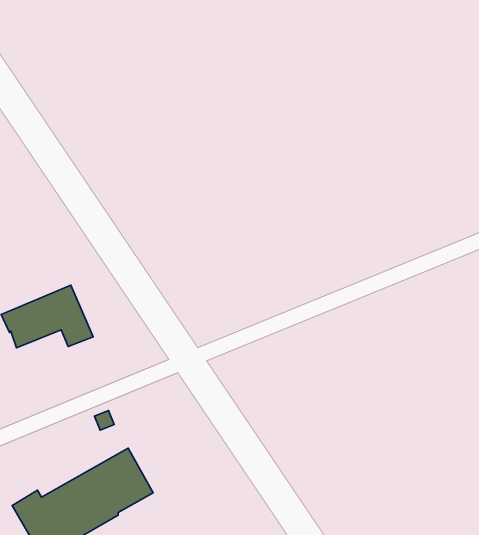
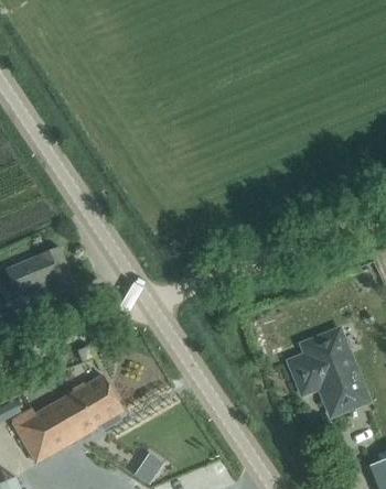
building: none -> [290,330,367,414]

